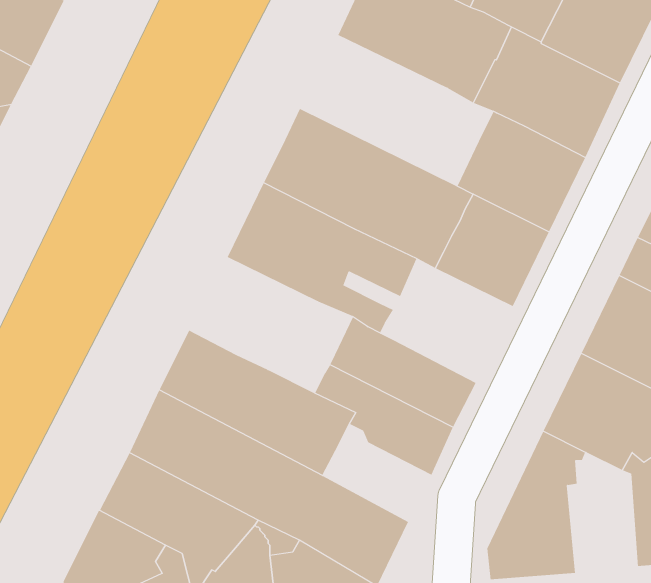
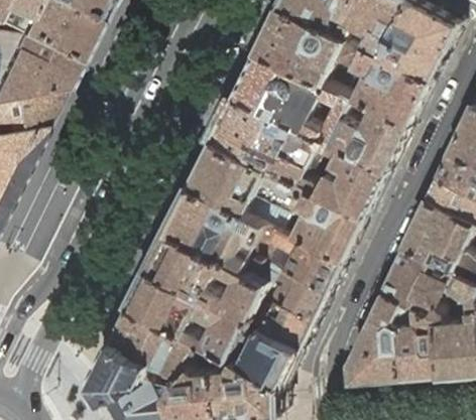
building: none -> [230,53,348,145]
building: none -> [162,188,262,271]
building: none -> [279,189,360,265]
building: none -> [244,301,311,349]
building: none -> [393,307,436,381]

